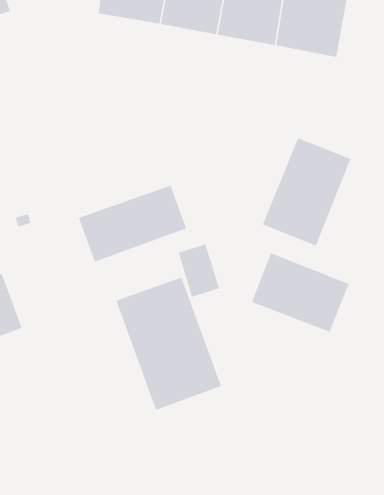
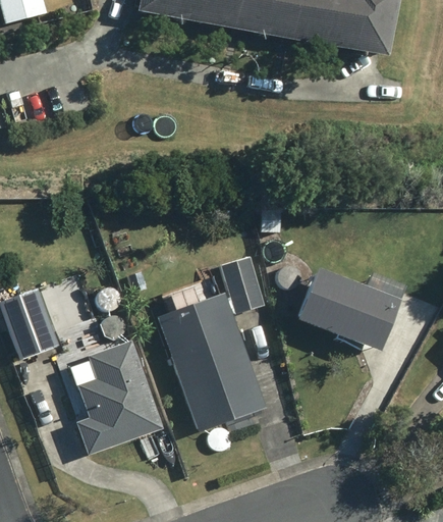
building: [262,138,351,246] -> none
building: [78,185,187,262] -> none
building: none -> [76,338,163,454]

